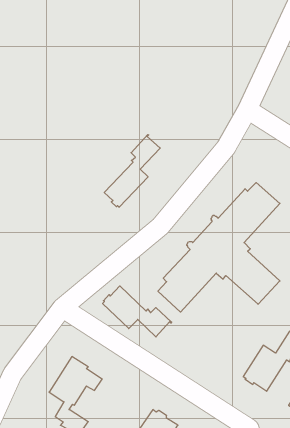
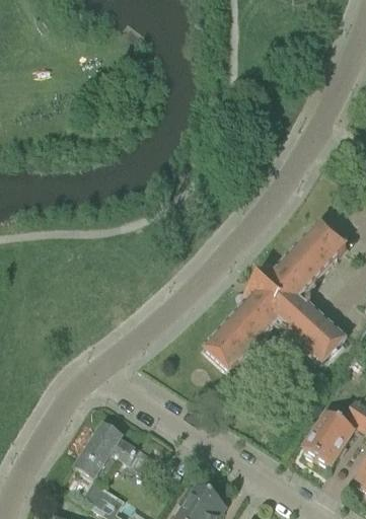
building: [104,135,160,207] -> none
building: [103,286,172,337] -> none

